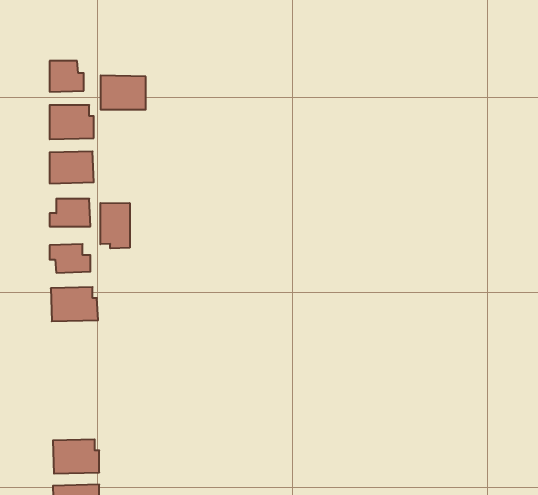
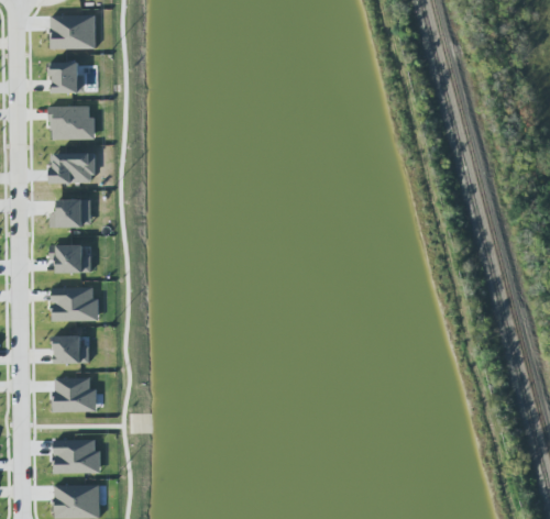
building: [101,75,146,110] -> [51,14,96,48]
building: [100,203,130,248] -> none
building: none -> [54,334,90,364]
building: none -> [53,377,97,412]

